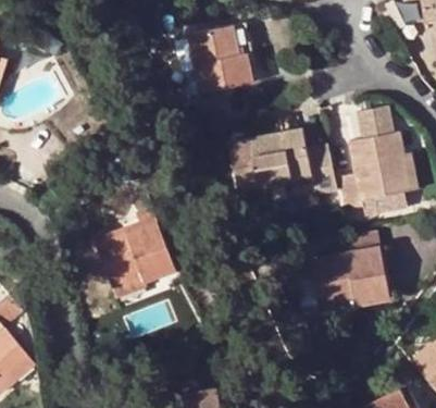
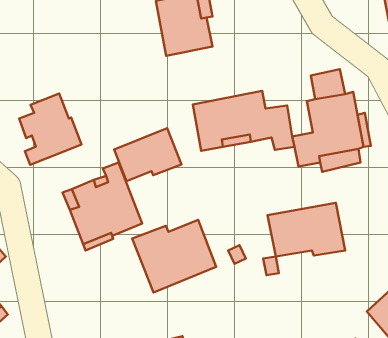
building: none -> [19,94,81,165]
building: none -> [114,128,181,181]
building: none -> [132,220,216,292]

